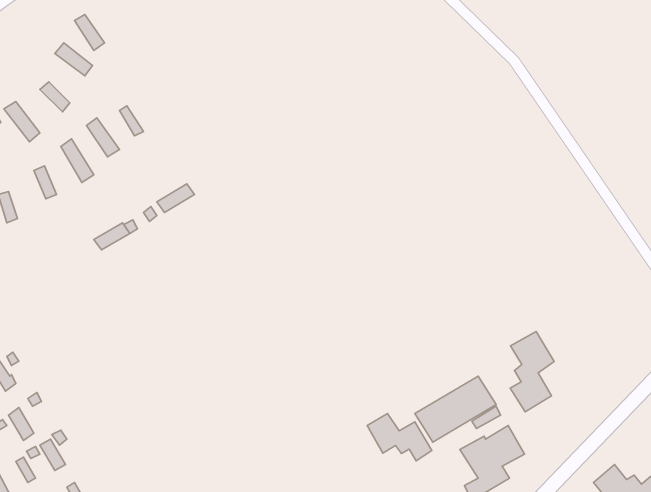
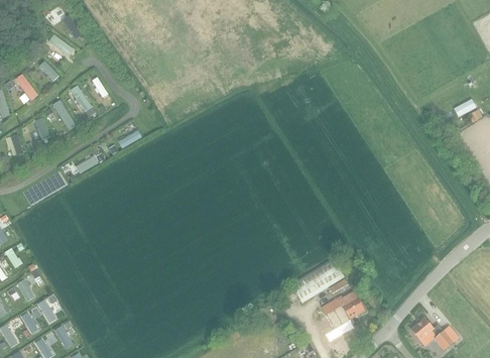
building: [510,332,554,412] -> none
building: [367,413,432,461] -> none

